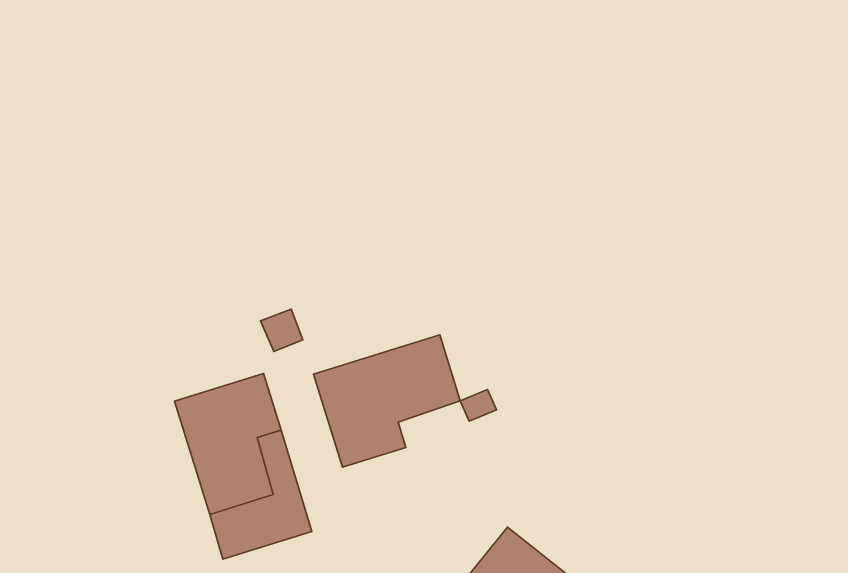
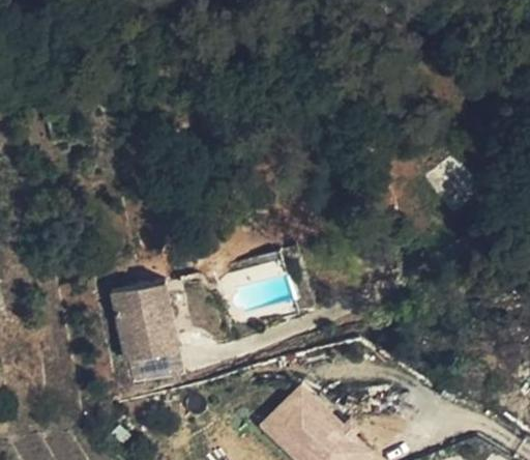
building: [314,335,460,467] -> none

